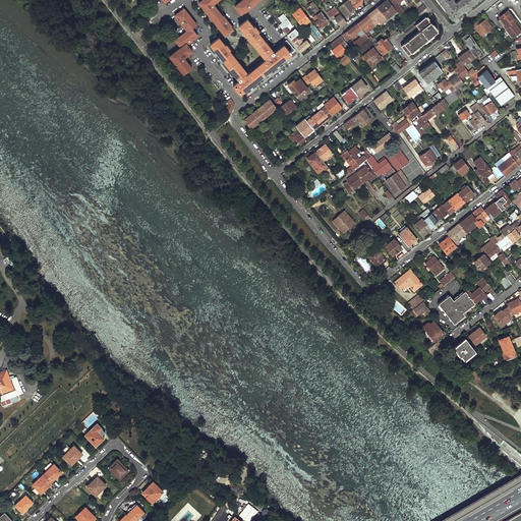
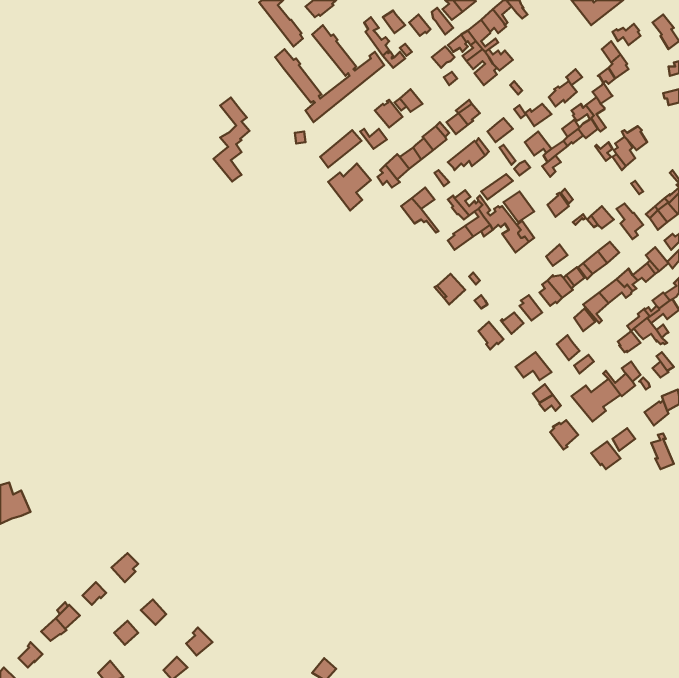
building: [170,10,197,74] -> [214,98,249,181]
building: [401,17,438,55] -> none
building: [474,66,514,105] -> none
building: none -> [328,164,371,210]

